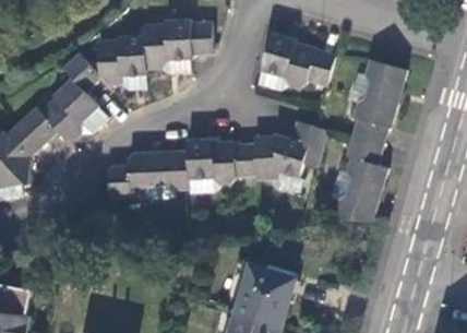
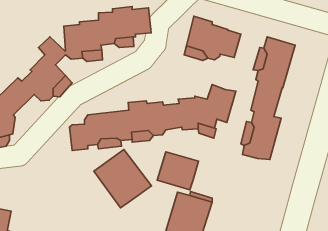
building: none -> [94,149,151,208]
building: none -> [157,152,199,190]

